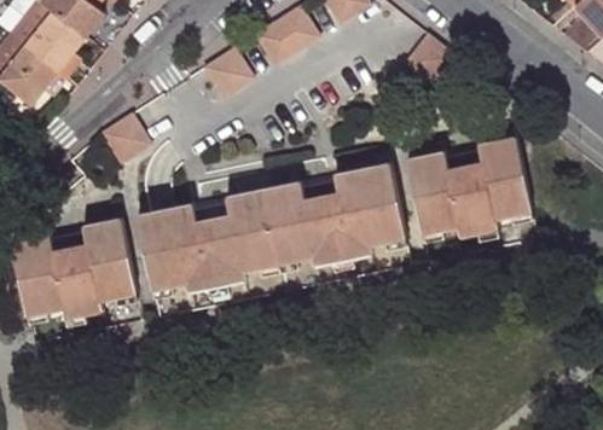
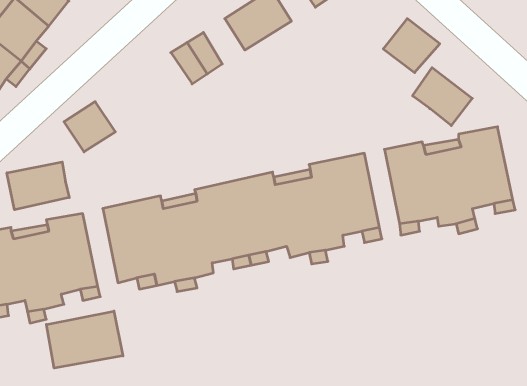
building: none -> [413,68,472,126]
building: none -> [7,162,69,210]
building: none -> [46,311,123,368]

